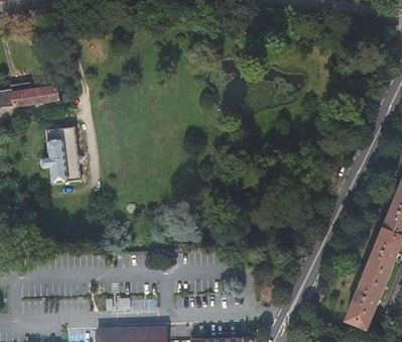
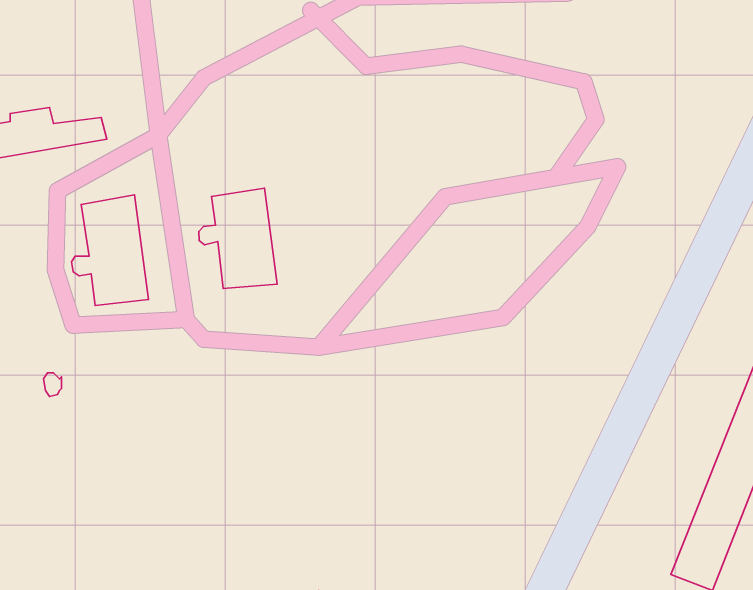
building: none -> [199,188,277,289]

